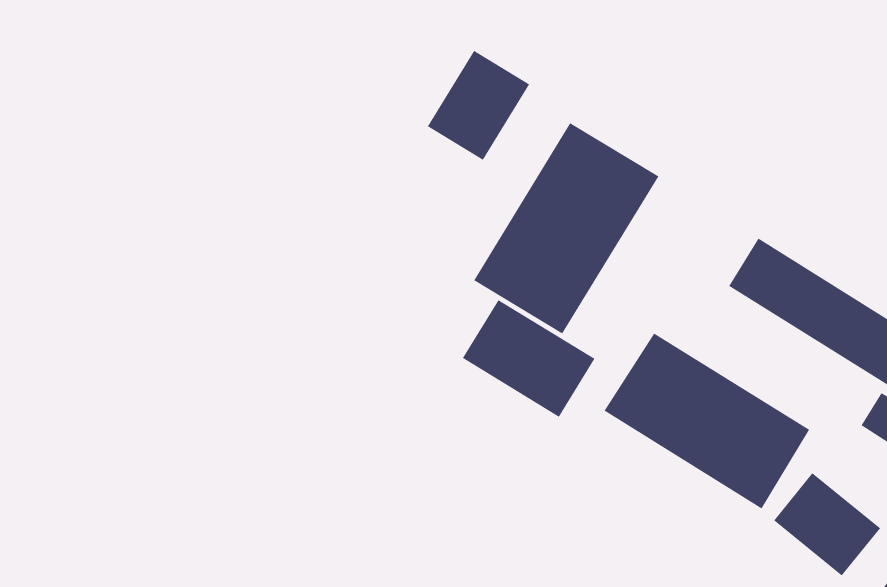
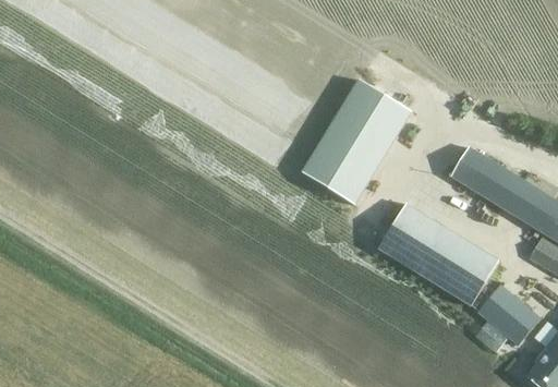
building: [427,50,530,161] -> none
building: [462,299,596,418] -> none

